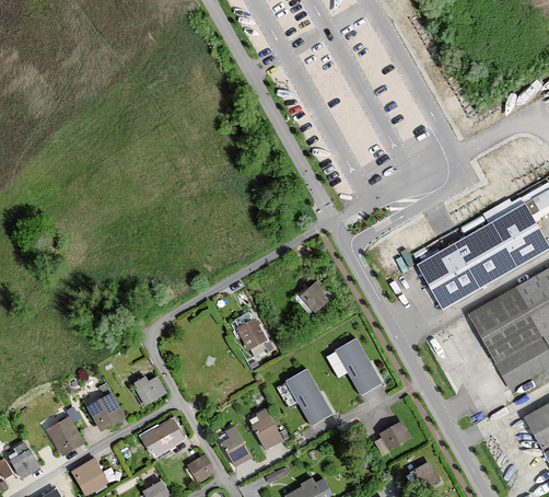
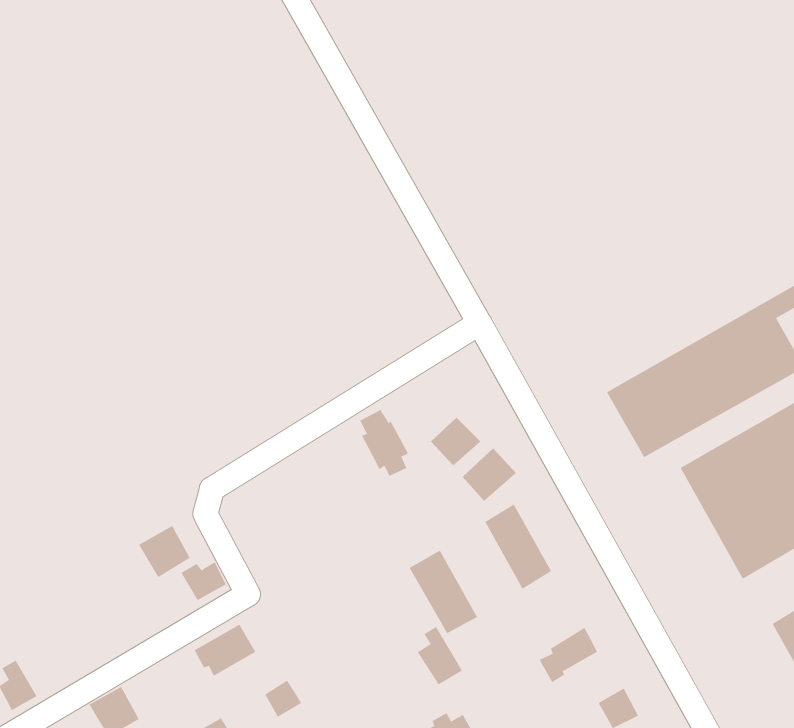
building: none -> [462,448,517,502]
building: [234,311,267,356] -> [360,409,409,476]
building: [87,394,122,429] -> [138,525,191,578]
building: [252,409,282,449] -> [417,626,463,685]
building: [49,418,82,453] -> none
building: [221,427,252,466] -> none

